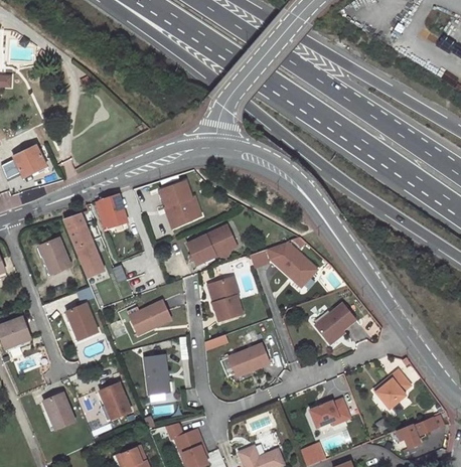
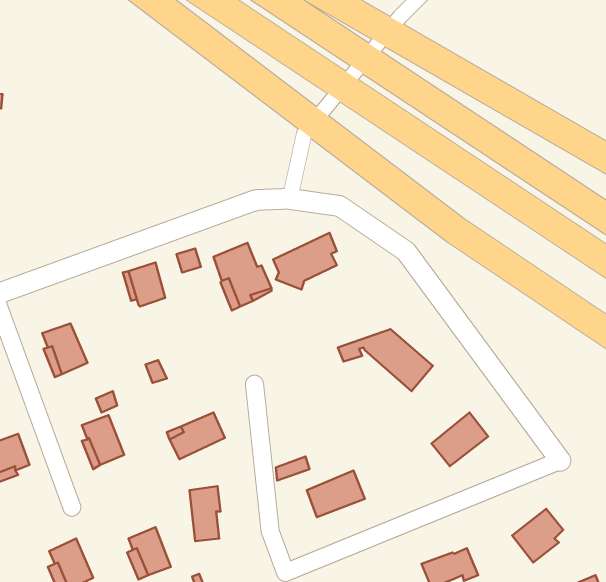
building: [14,146,46,177] -> none
building: [64,213,105,278] -> none
building: [188,224,234,265] -> [273,233,337,289]
building: [209,277,242,321] -> none

